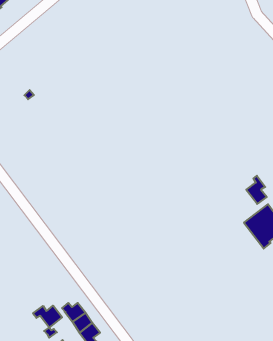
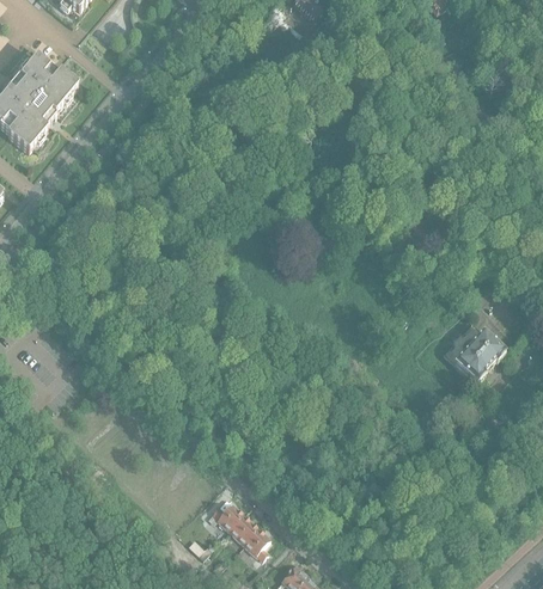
building: [246,176,267,204] -> none
building: [33,306,62,327] -> none

